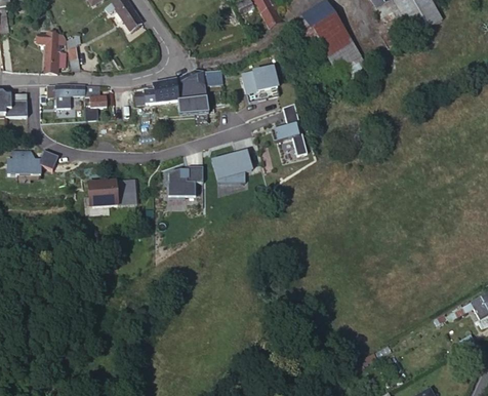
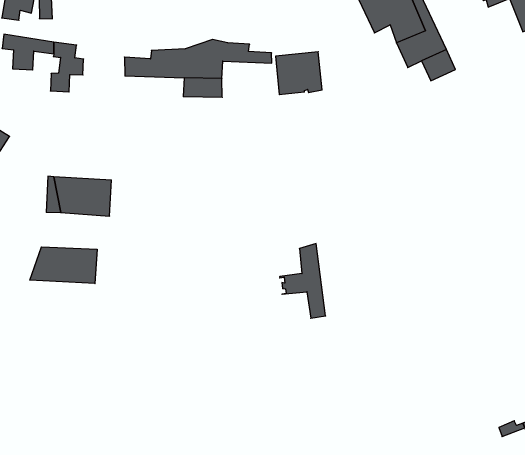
building: [270,103,306,156] -> [280,244,326,318]
building: [166,148,201,197] -> none
building: [209,149,249,183] -> none
building: none -> [30,247,97,284]

